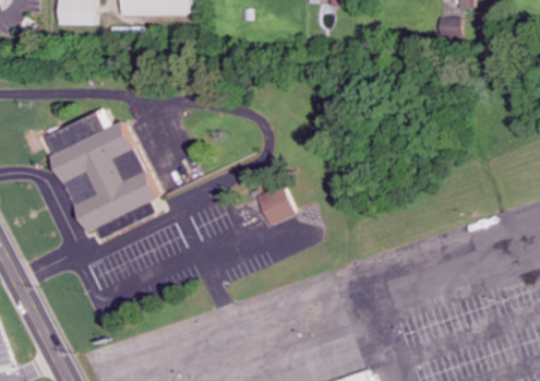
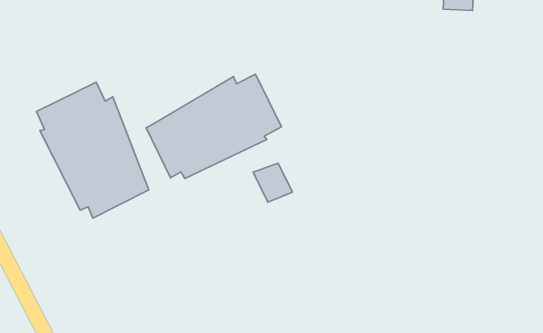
building: none -> [146,74,282,178]

